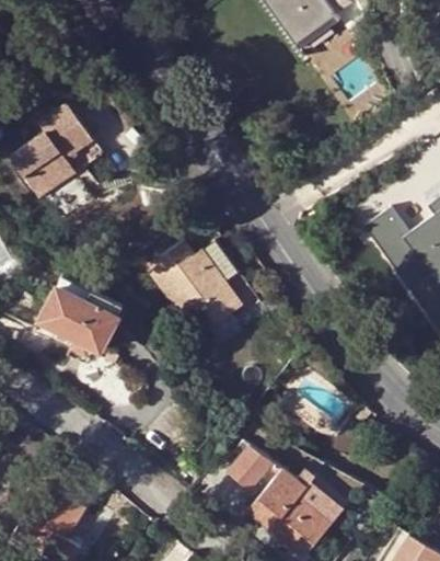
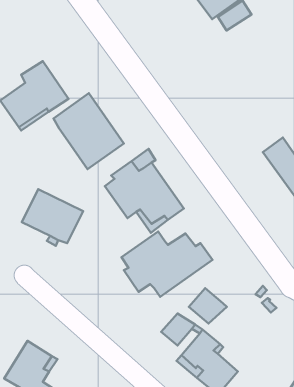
building: none -> [53,93,124,169]
building: none -> [122,231,212,297]
building: none -> [189,288,227,323]

